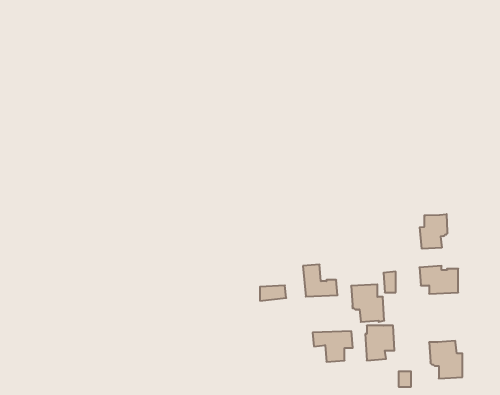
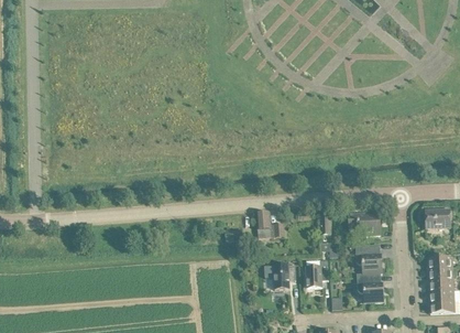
building: [420,214,447,249] -> none
building: [351,284,384,322] -> [355,244,382,273]

